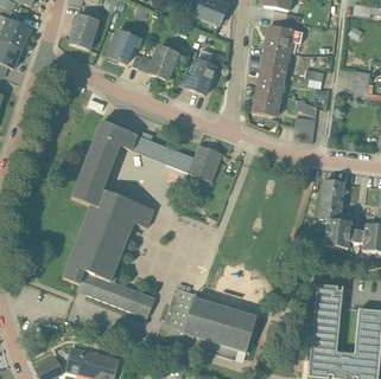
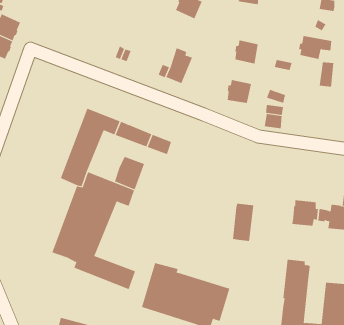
building: [69,13,97,49] -> none
building: [265,25,301,51] -> [298,35,332,60]
building: [107,28,140,63] -> none
building: [148,45,178,79] -> none
building: [256,68,284,94] -> none
building: [189,143,222,180] -> [114,156,145,190]
building: [319,179,343,220] -> [232,203,254,241]

